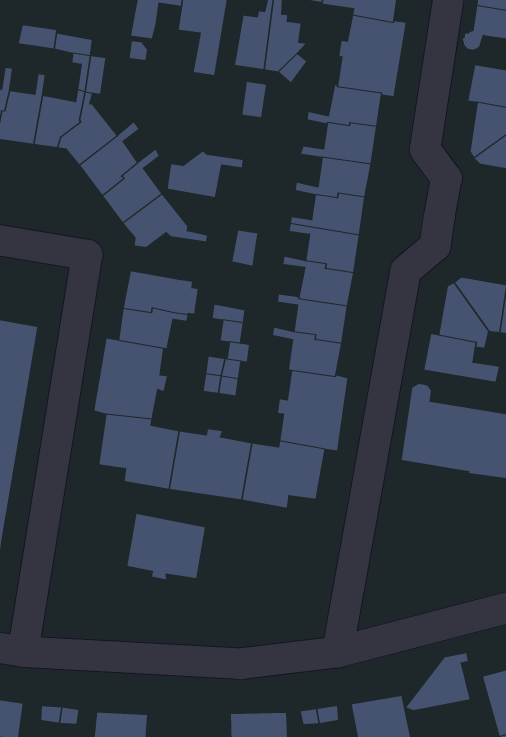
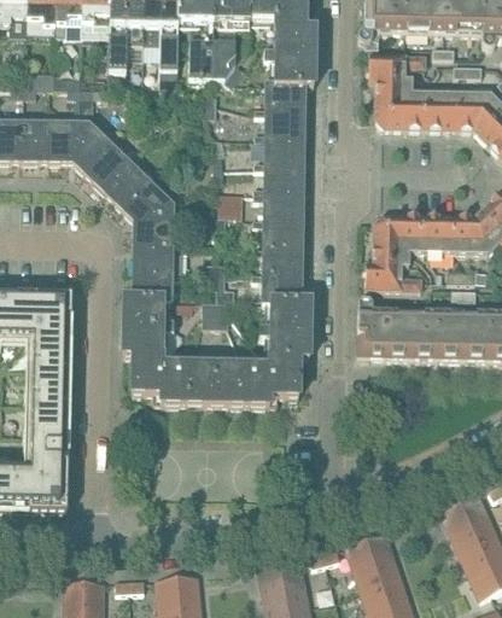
building: [167,151,244,198] -> [135,211,189,245]
building: [127,513,205,580] -> none
building: [405,652,470,711] -> none

